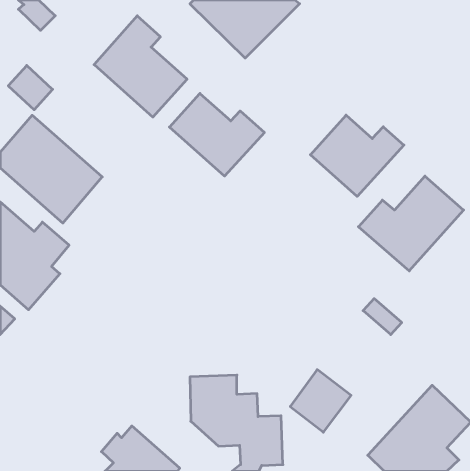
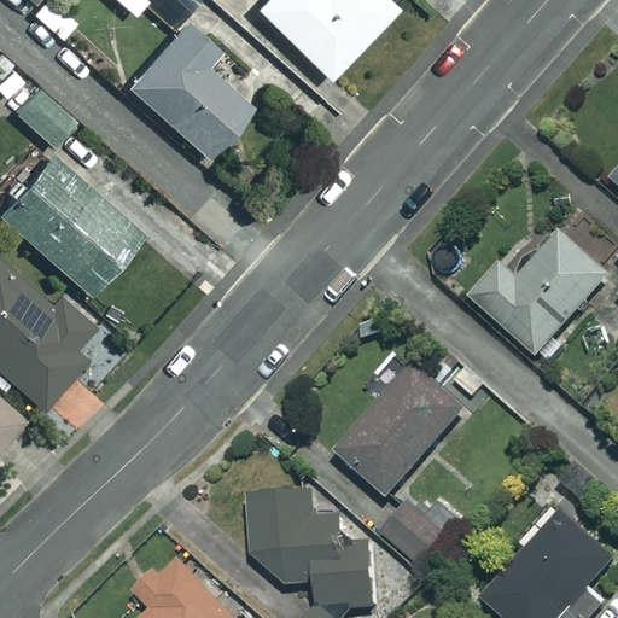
building: [169,93,264,176] -> none
building: [310,115,404,196] -> none
building: none -> [336,355,477,496]

